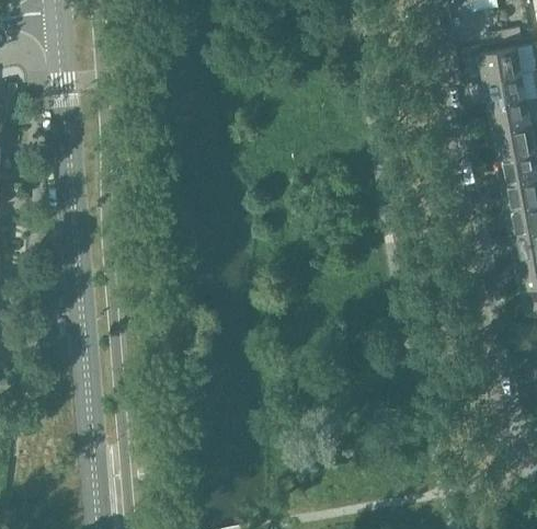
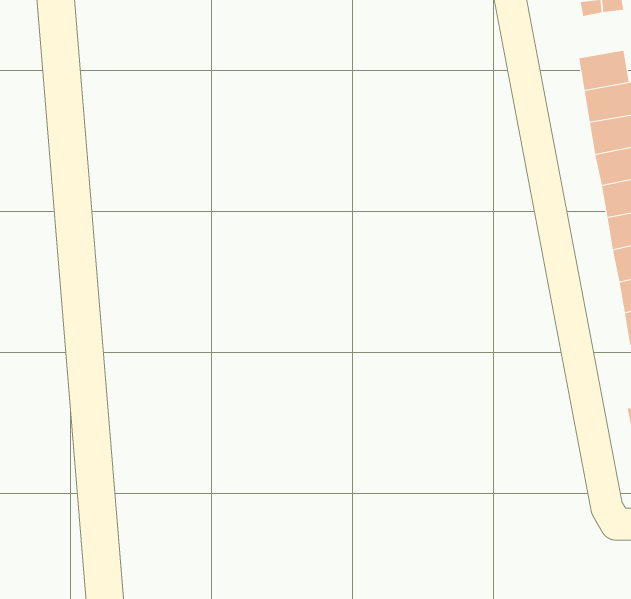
building: [479,48,522,80] -> none

